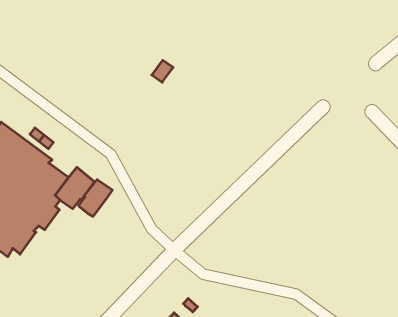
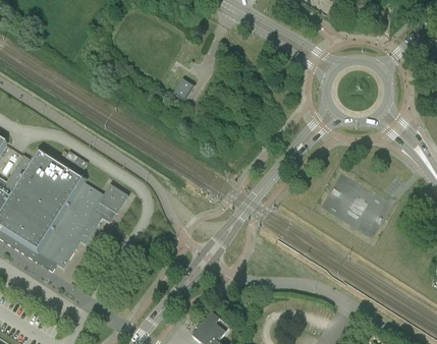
building: [79,180,112,216] -> none

